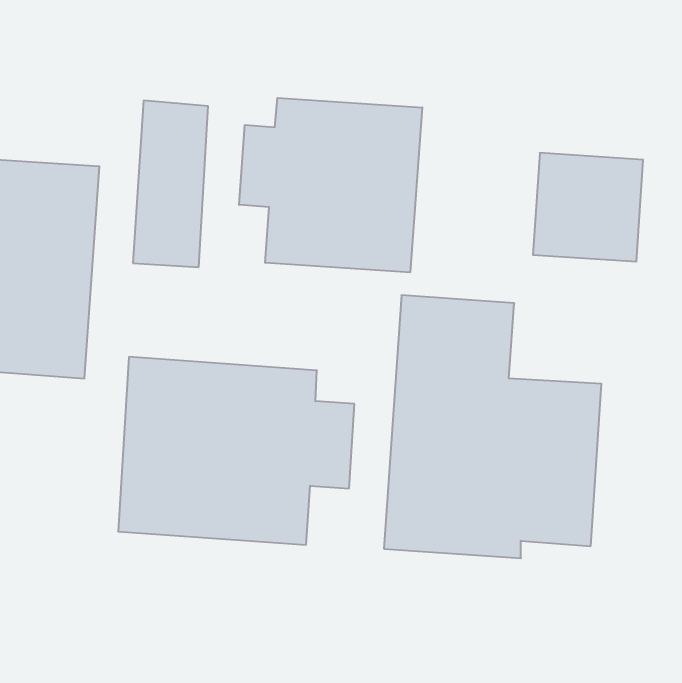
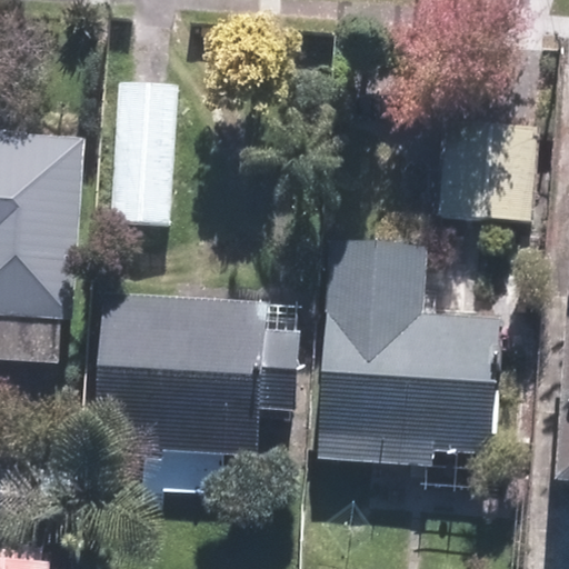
building: [239,98,422,272] -> none

